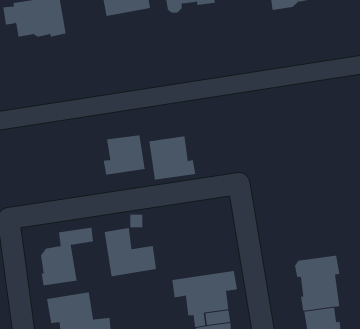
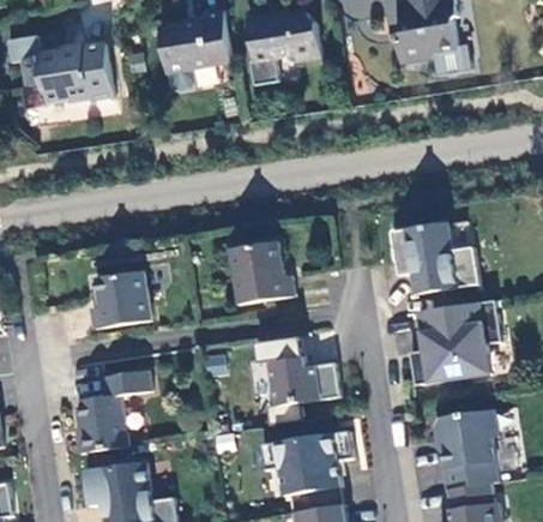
building: none -> [391,222,479,294]
building: [103,135,145,175] -> [90,271,150,328]
building: none -> [409,300,501,384]
building: [104,228,157,277] -> [265,336,339,406]

